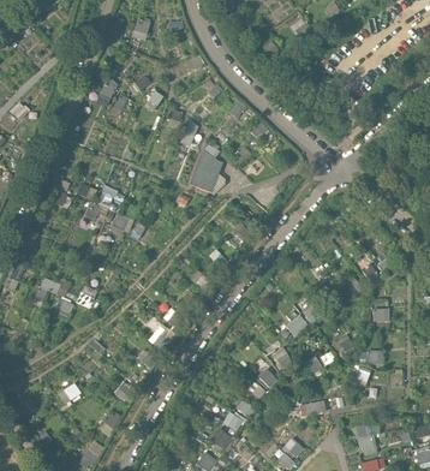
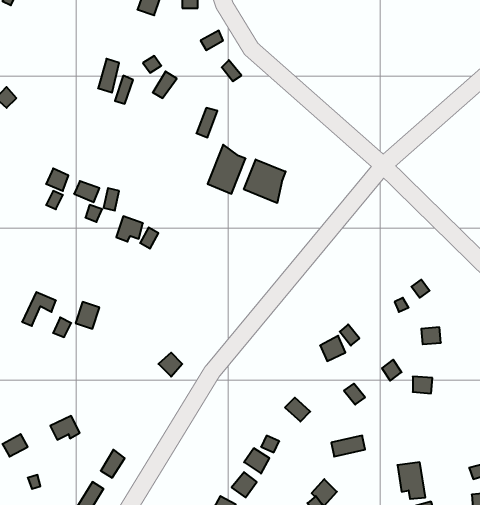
building: none -> [244,159,286,203]

